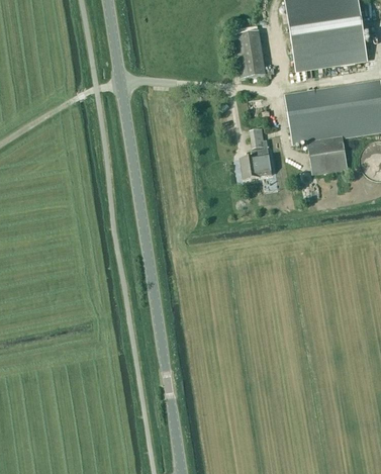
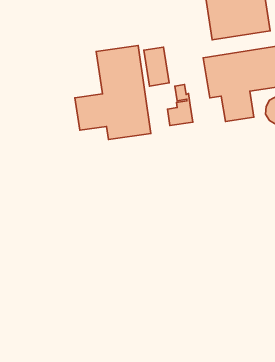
building: [234,30,266,79] -> [144,47,169,86]
building: none -> [75,46,151,139]

